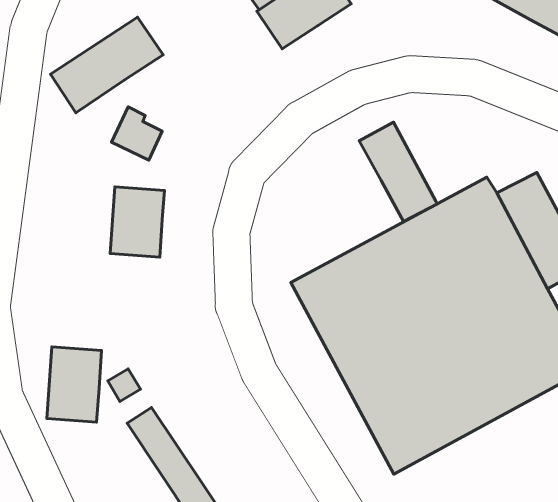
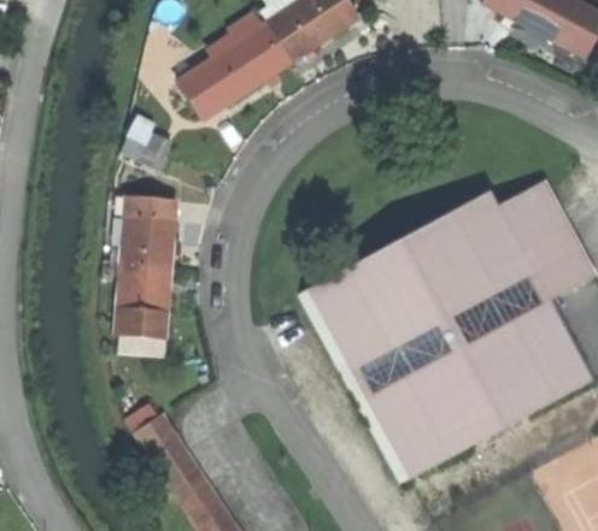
building: [50,17,163,113] -> [180,22,292,117]
building: [359,122,438,222] -> none
building: [47,347,101,422] -> [116,262,170,337]

